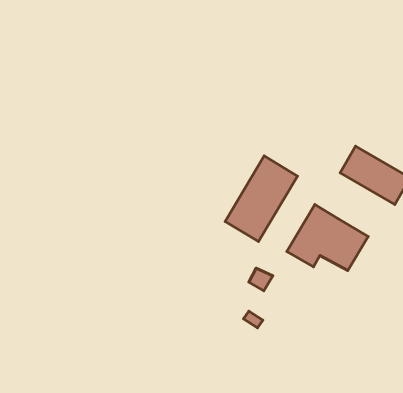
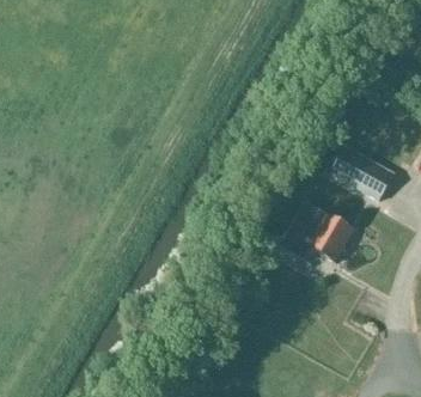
building: [225,156,297,242] -> none

